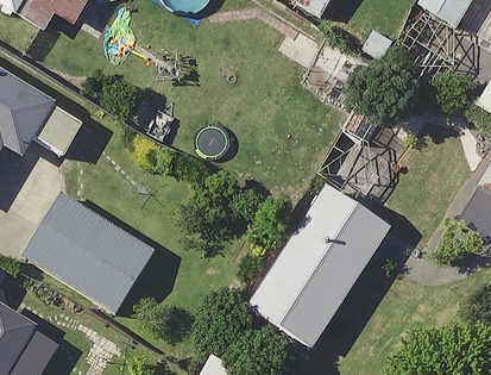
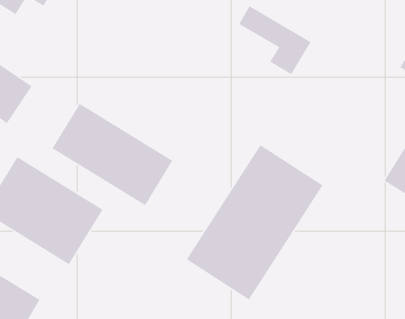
building: none -> [52,103,173,206]

